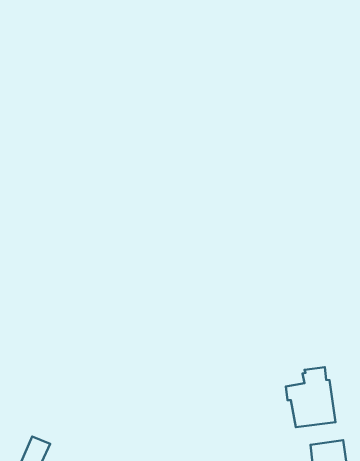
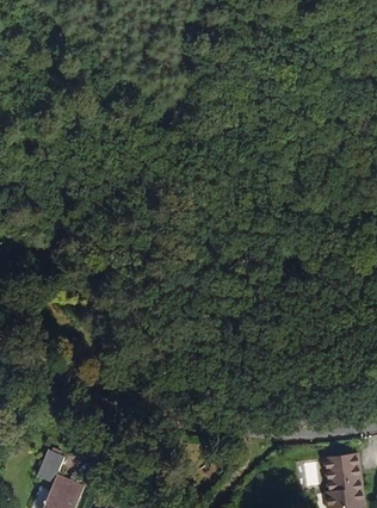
building: [286,367,335,427] -> none

